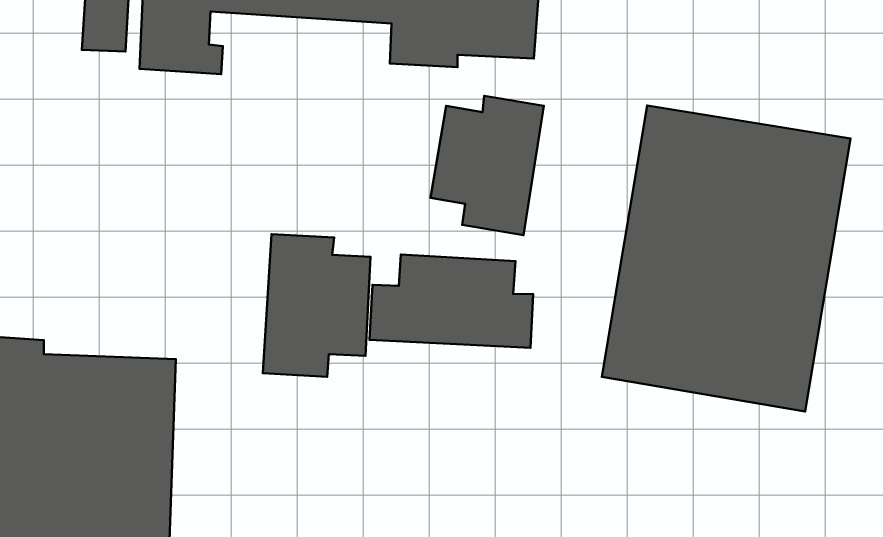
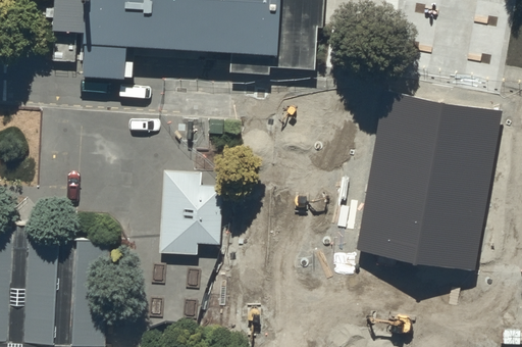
building: [431,96,544,235] -> none
building: [369,254,533,348] -> none

